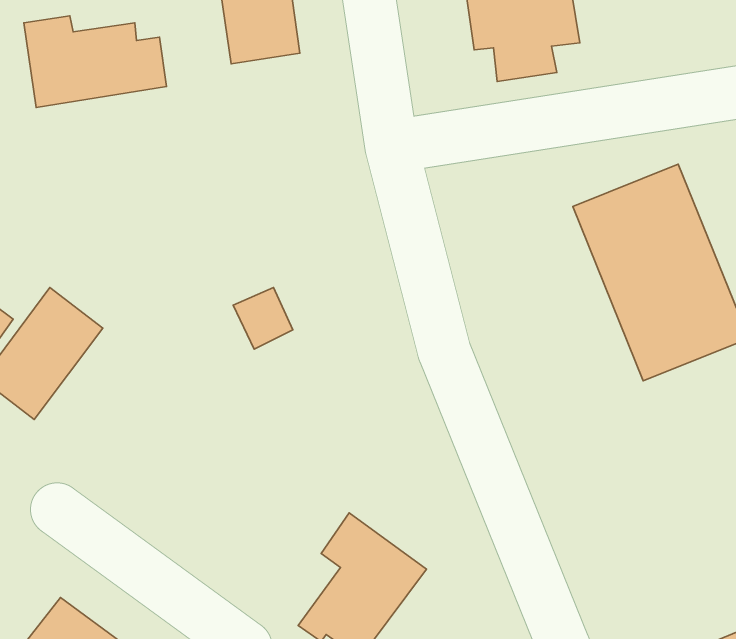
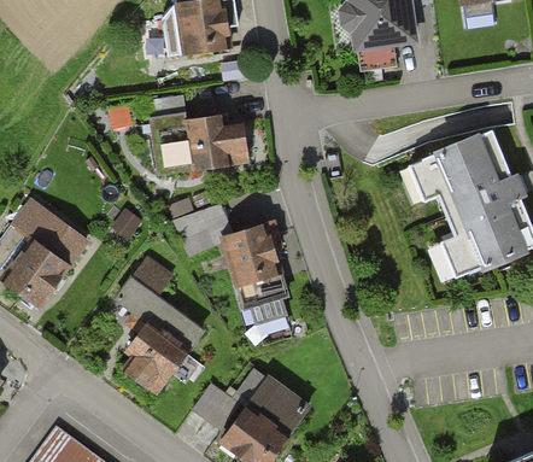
building: [24,16,166,107] -> [150,113,247,176]
building: none -> [227,222,295,323]
building: none -> [121,259,204,392]
building: none -> [197,386,242,431]

